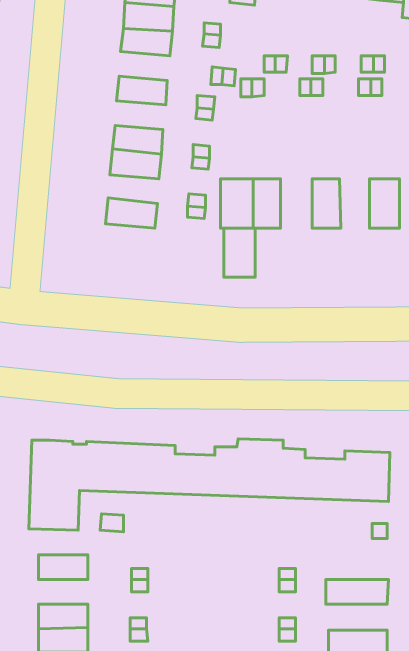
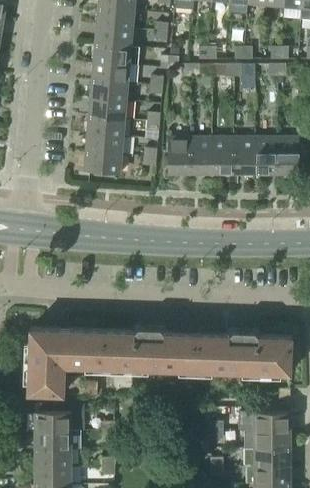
building: none -> [94,44,131,65]
building: none -> [91,80,128,101]
building: none -> [86,134,123,155]
building: none -> [255,137,277,173]
building: [224,228,255,277] -> [212,137,235,173]
building: none -> [255,412,291,430]
building: none -> [35,430,71,448]
building: none -> [245,448,290,467]

